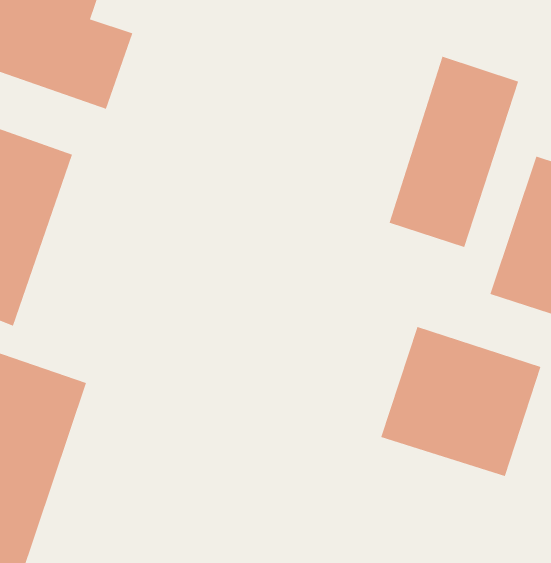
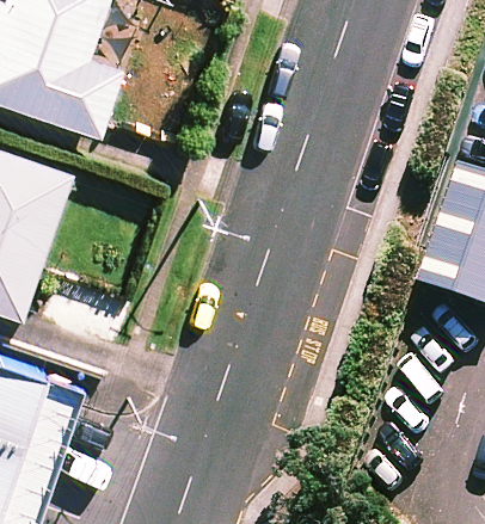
building: [389,56,519,248] -> none
building: [380,326,541,477] -> none

